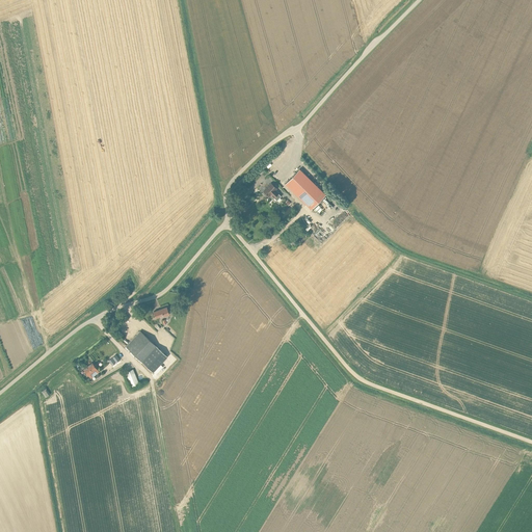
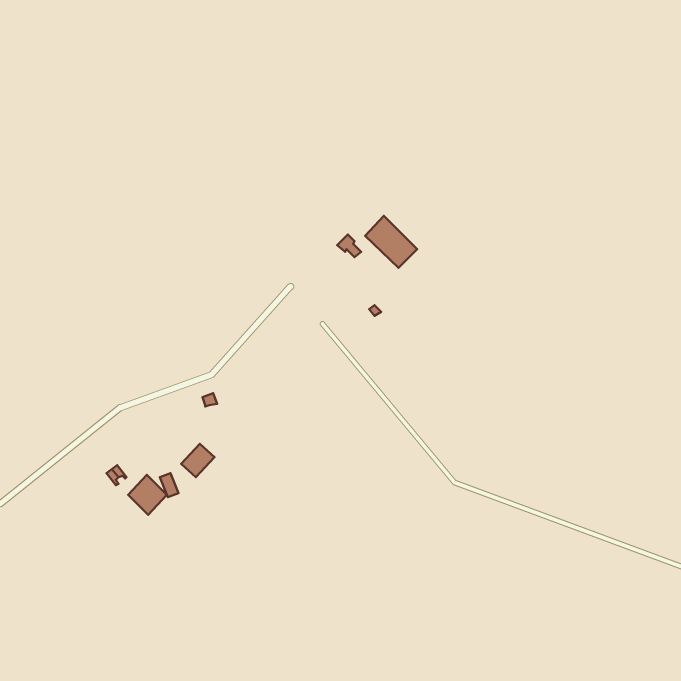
building: [126,330,156,362] -> [128,475,167,515]

